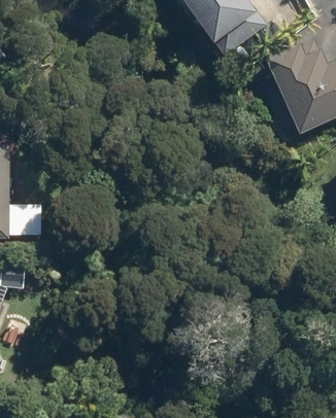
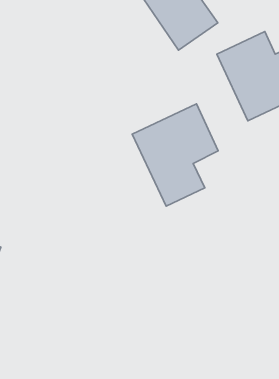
building: none -> [132,104,218,206]

